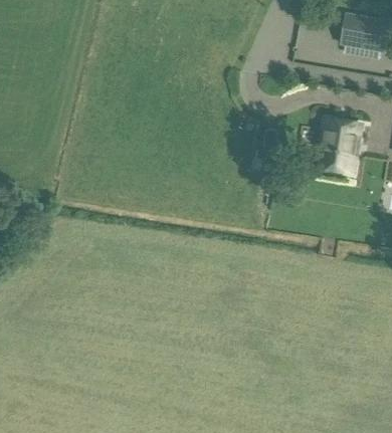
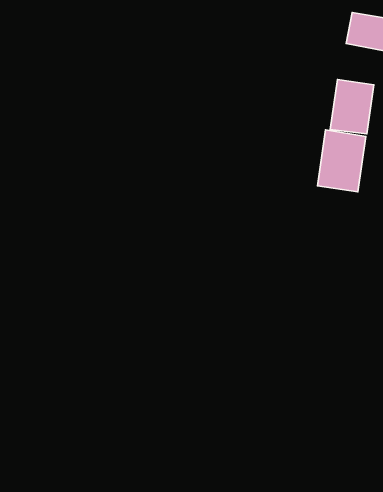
building: none -> [330,80,374,134]

